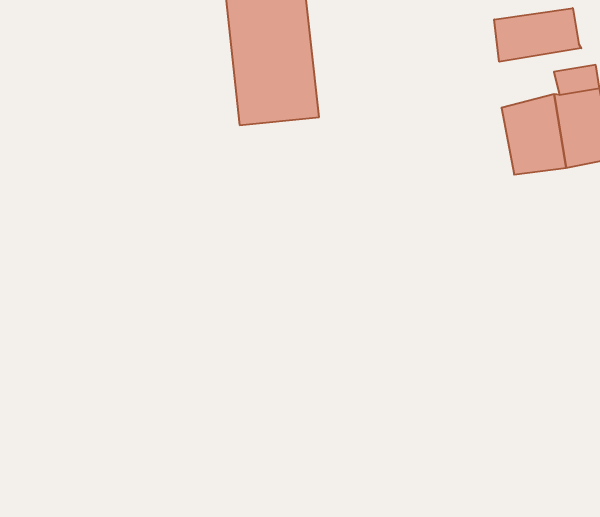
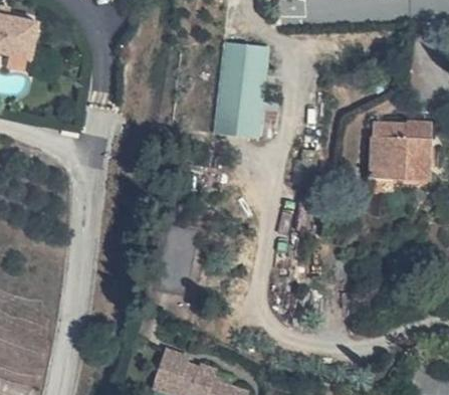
building: [494,8,581,62] -> none

